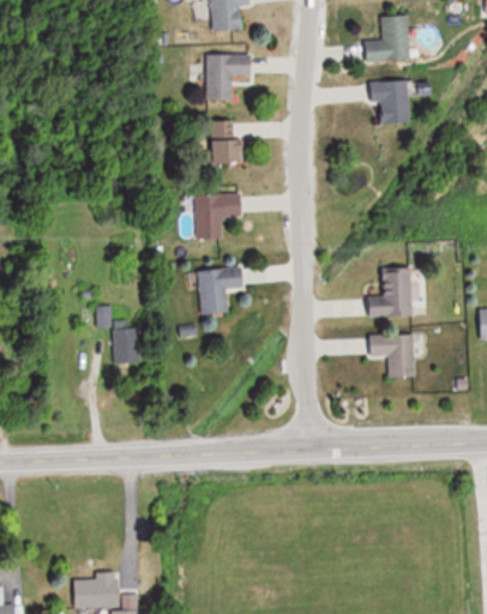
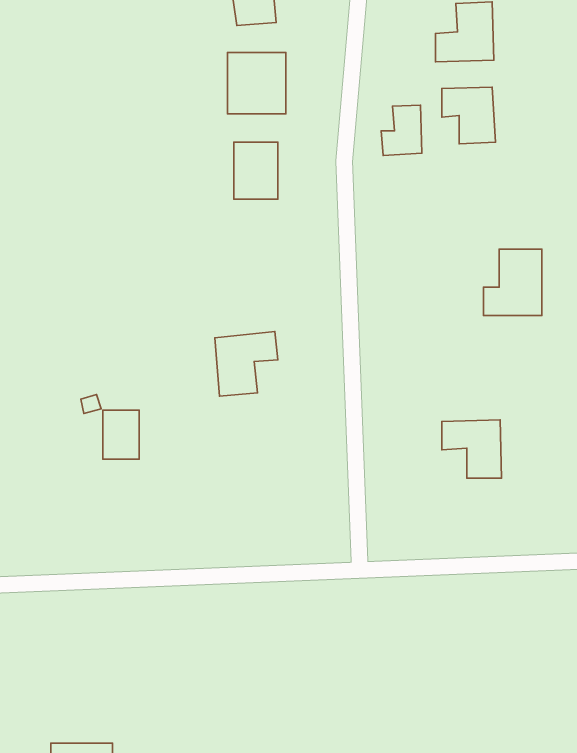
building: none -> [381,105,422,155]
building: [196,194,241,239] -> none
building: [367,266,411,317] -> [483,249,542,315]

